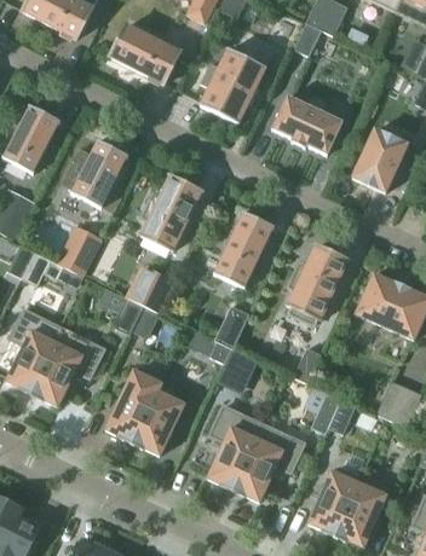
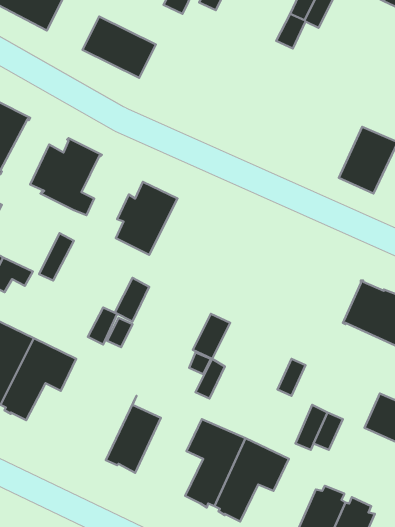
building: [200,47,266,123] -> none
building: [271,94,342,154] -> none
building: [213,210,274,288] -> none
building: [288,249,345,323] -> none
building: [105,369,161,442] -> none

